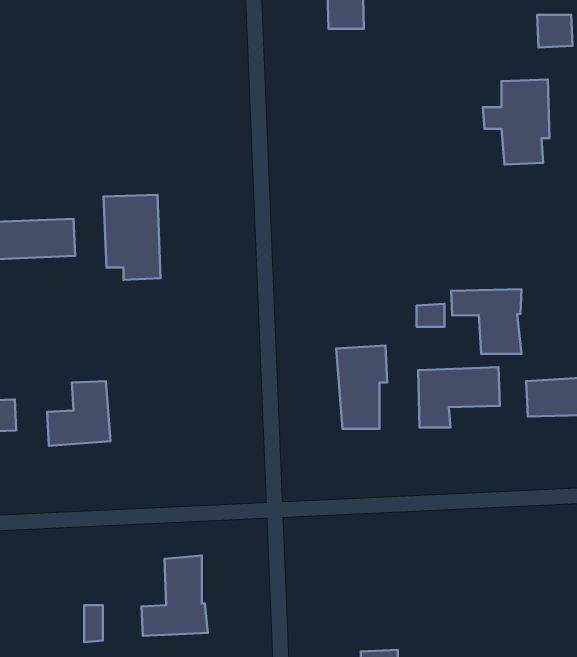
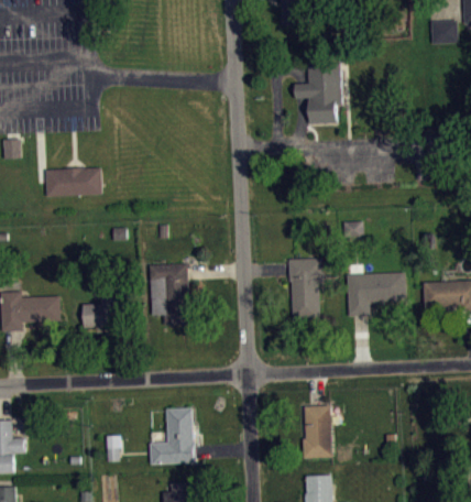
building: [483,80,549,164] -> [293,64,340,124]
building: [103,195,161,280] -> [149,264,189,325]
building: [451,289,521,354] -> none
building: none -> [302,405,332,458]

